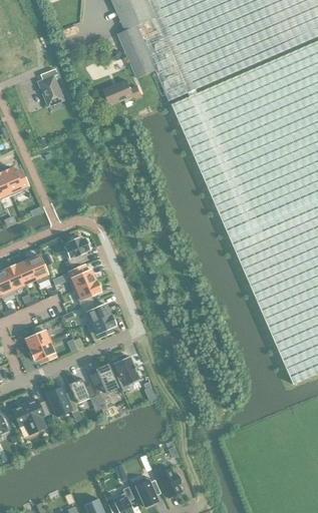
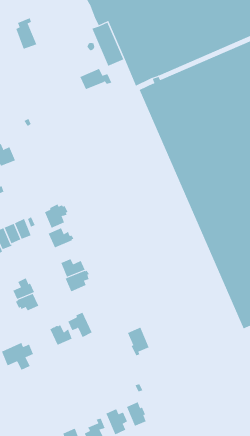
building: [38,69,63,106] -> [16,18,37,50]
building: [74,281,100,307] -> none
building: [113,356,139,390] -> [127,327,150,356]
building: [46,387,77,417] -> none

